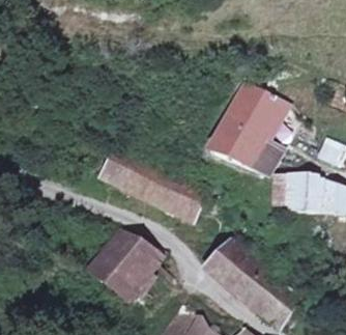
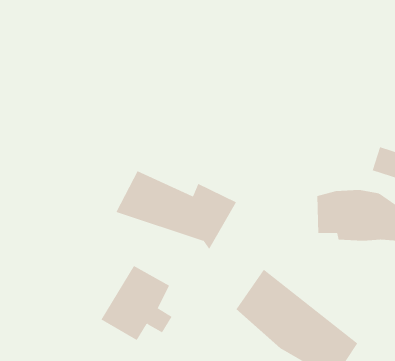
building: [211,83,289,176] -> none

